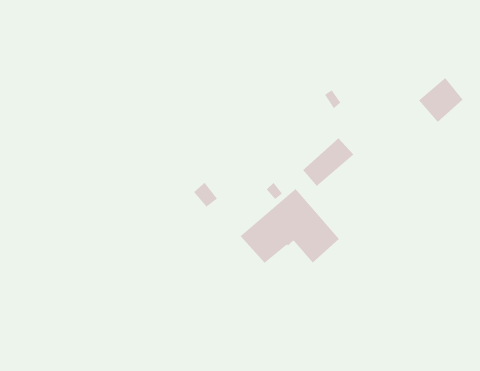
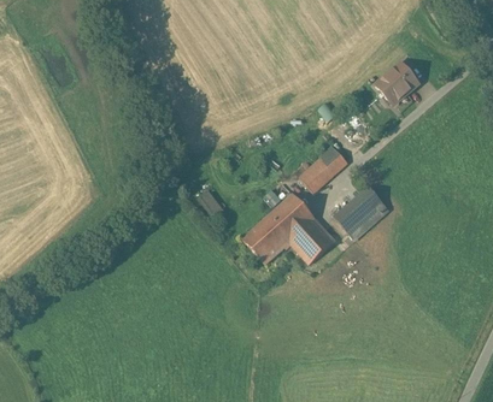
building: [418,77,464,123] -> [375,61,417,104]
building: none -> [334,185,388,238]

